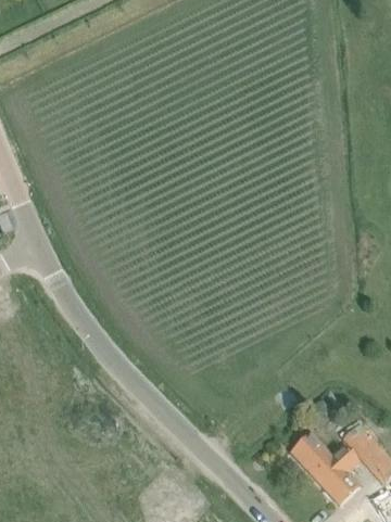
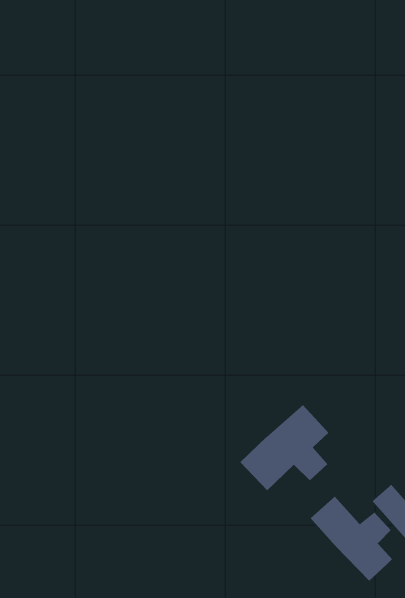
building: none -> [239,404,329,491]

